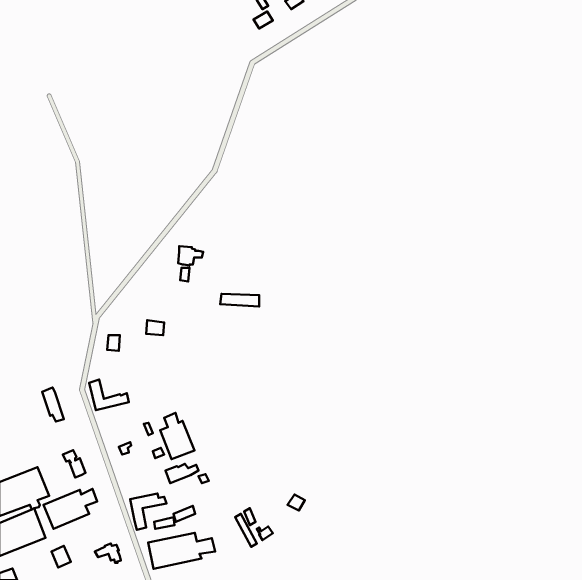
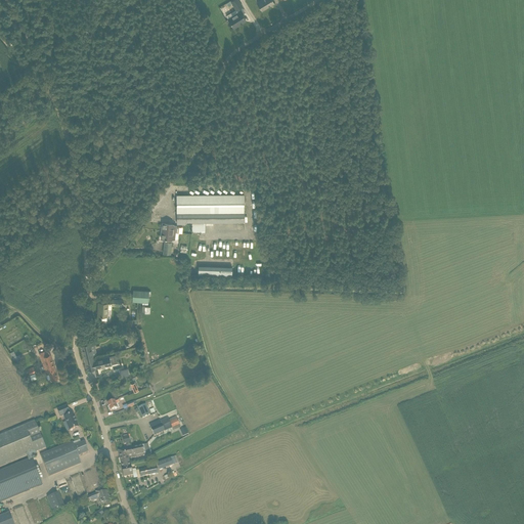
building: none -> [175,193,243,222]
building: [160,413,195,459] -> none
building: [148,533,215,569] -> none

